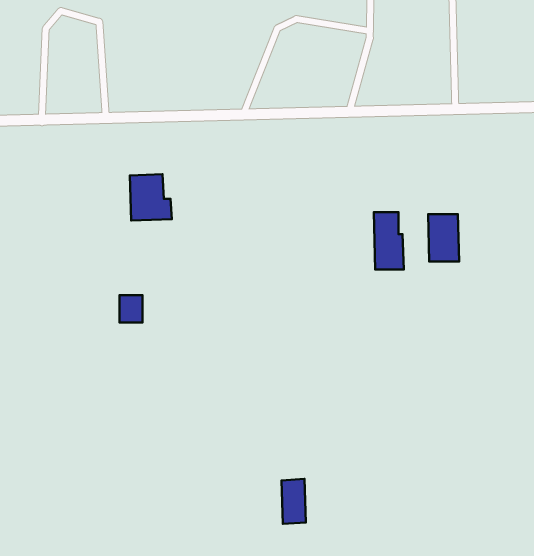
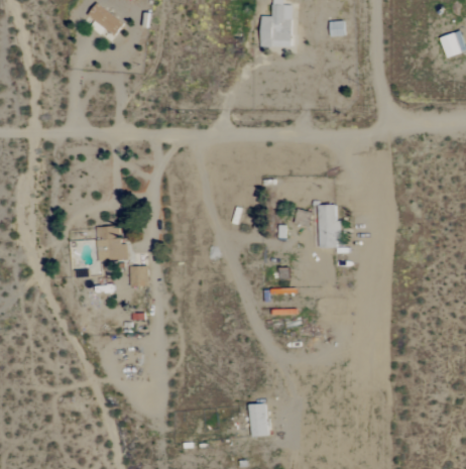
building: [130,174,172,221] -> [97,226,128,260]
building: [428,214,459,261] -> none

